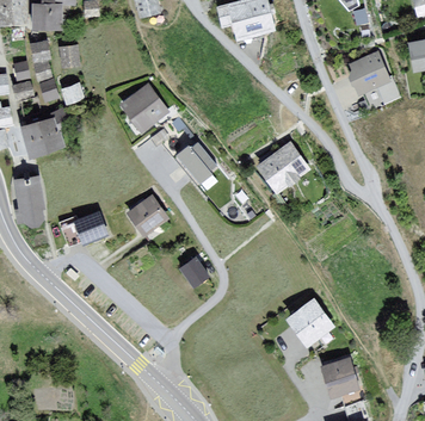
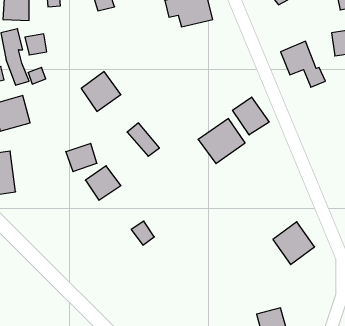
building: none -> [233,97,269,135]
building: [72,211,107,243] -> [66,143,97,172]
building: [285,297,333,346] -> [273,222,315,265]

